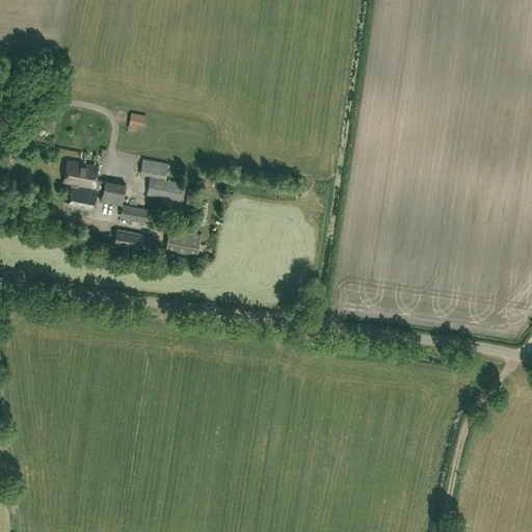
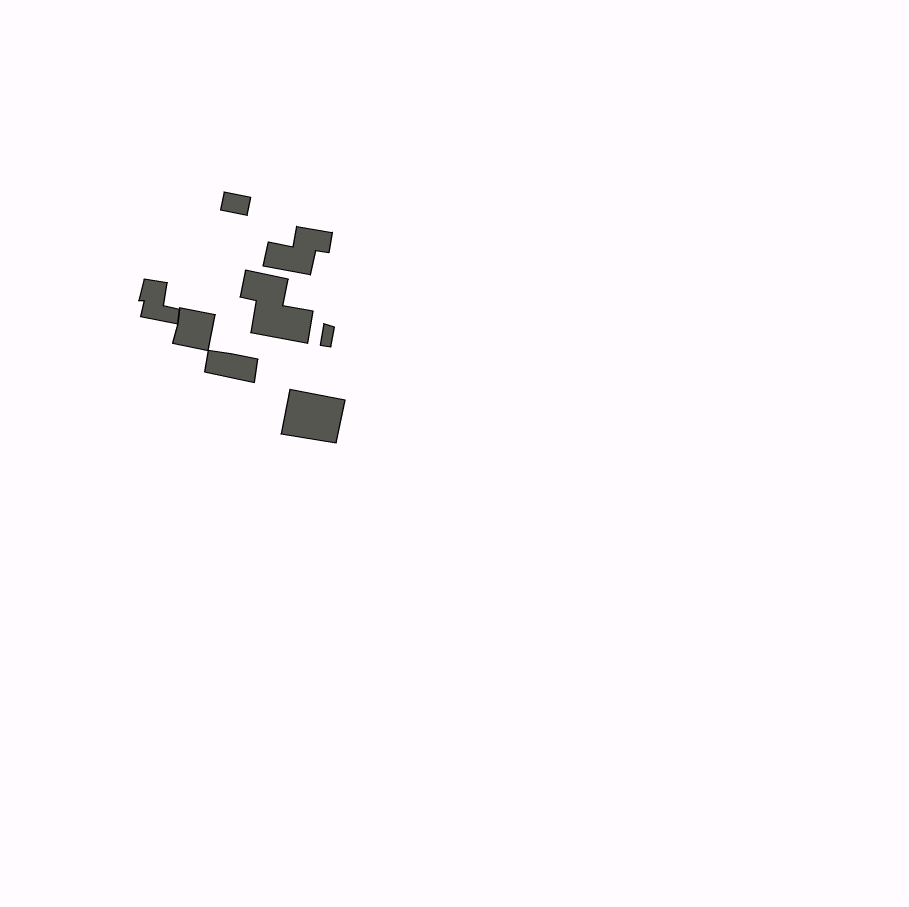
building: none -> [263,226,332,275]
building: [63,161,97,211] -> none
building: [114,230,143,249] -> none

